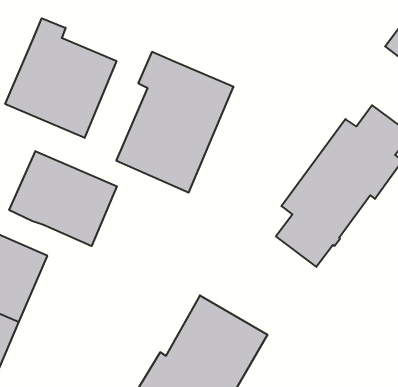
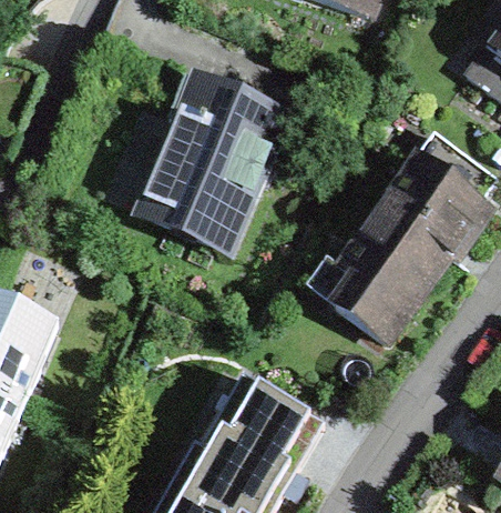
building: [5,18,116,138] -> none
building: [9,151,117,246] -> none

